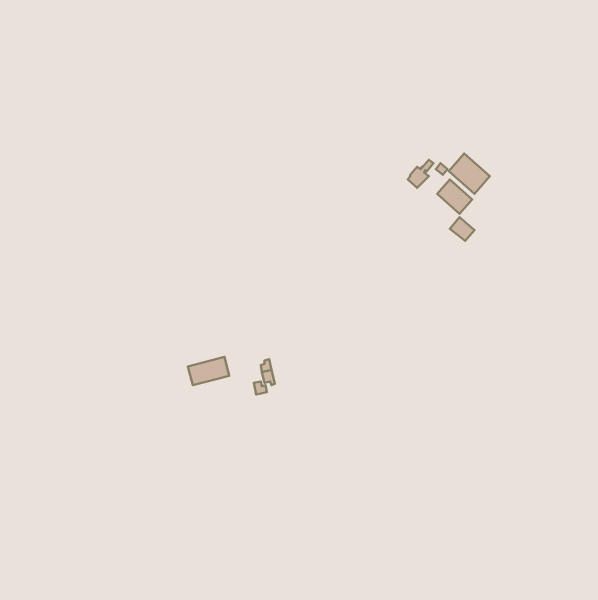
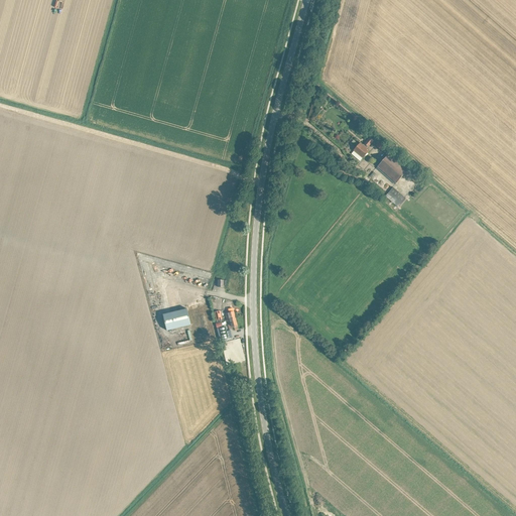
building: [449,153,490,194] -> none

